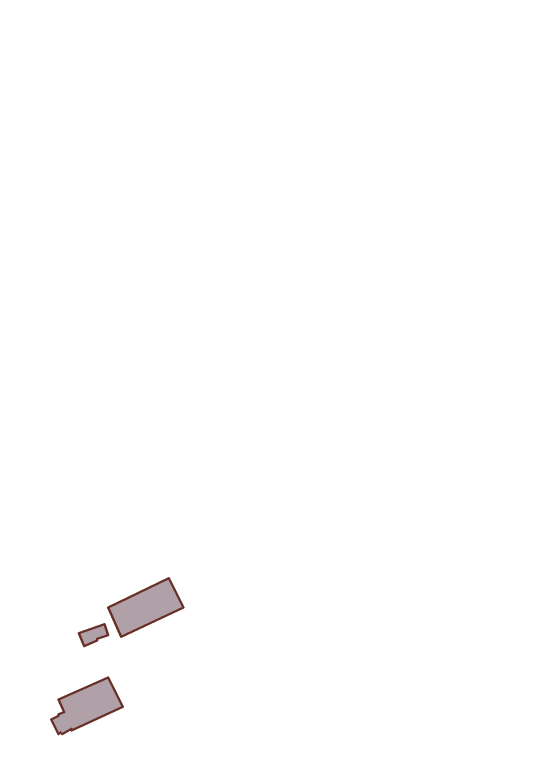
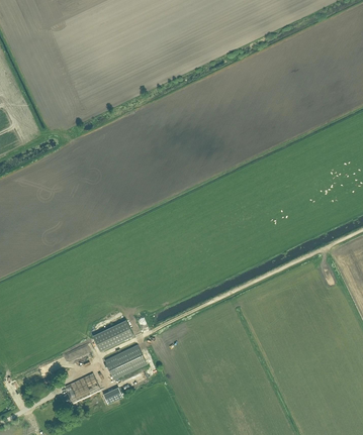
building: none -> [104,344,147,379]

